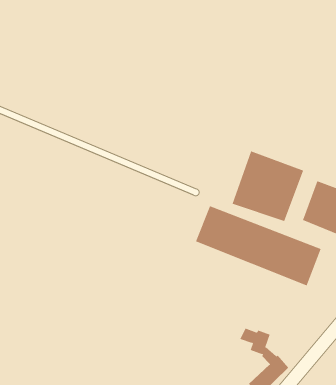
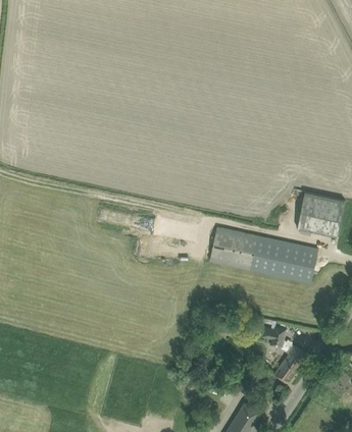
building: [232,151,304,222] -> none

